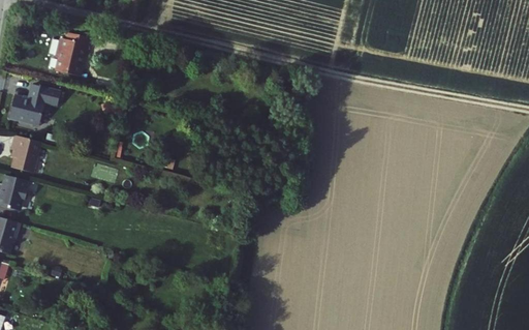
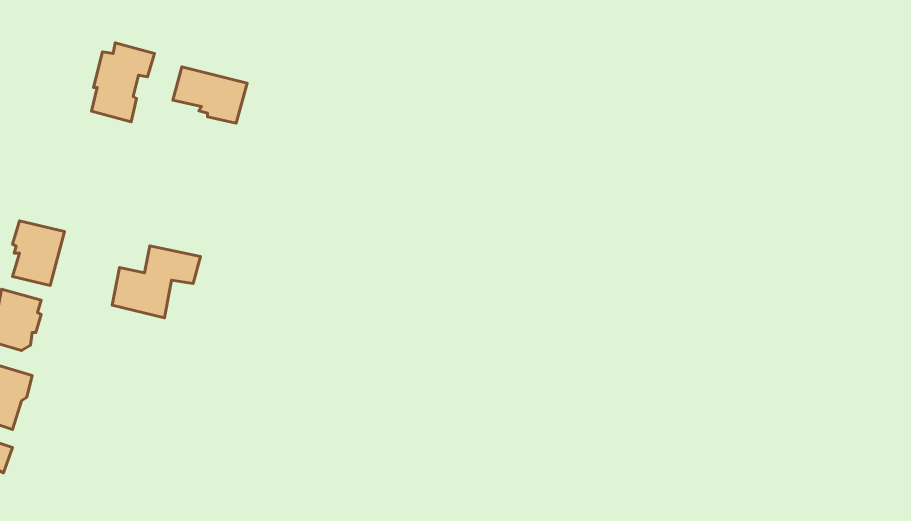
building: none -> [173,67,247,123]
building: [8,85,59,126] -> [112,246,200,318]

